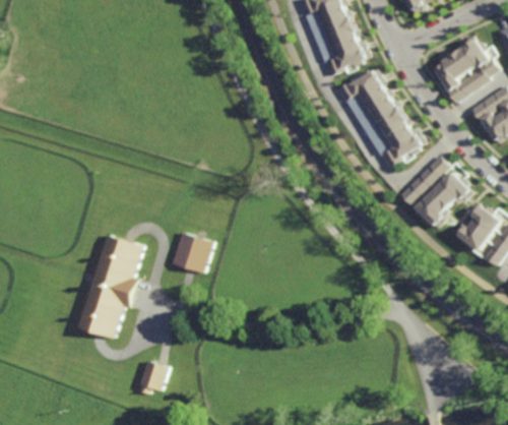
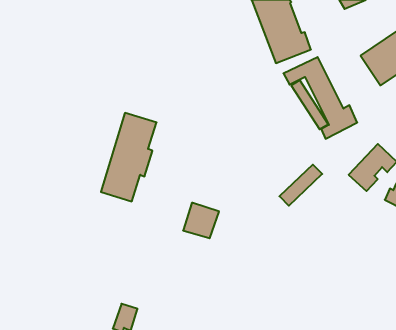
building: [398,157,449,205] -> [279,165,322,206]
building: [168,232,210,274] -> [183,203,219,238]
building: [74,234,140,339] -> [101,113,157,201]

